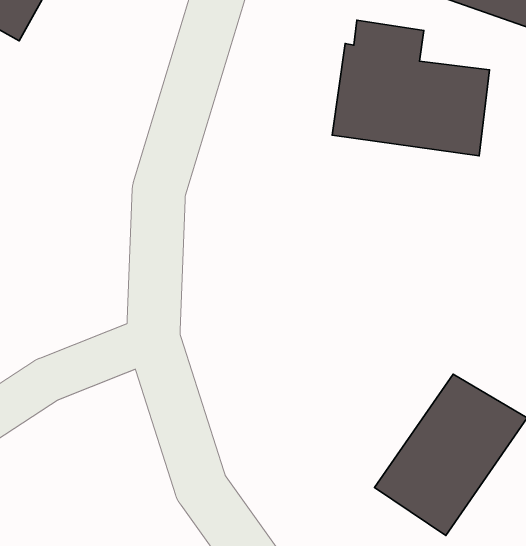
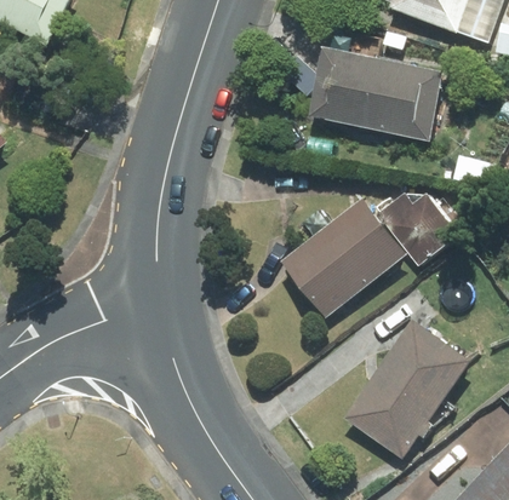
building: none -> [282,191,463,318]

